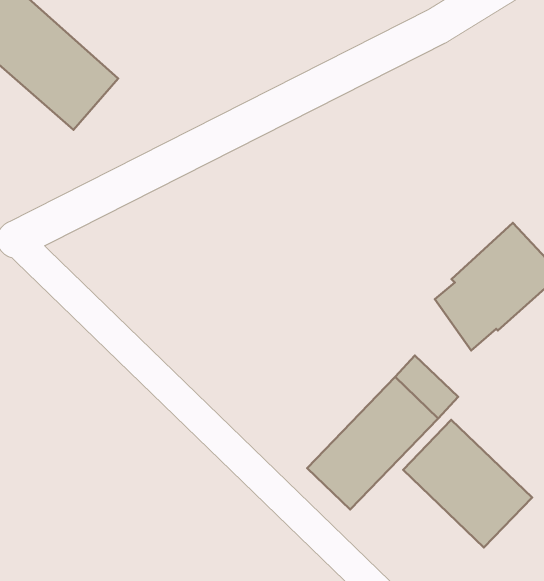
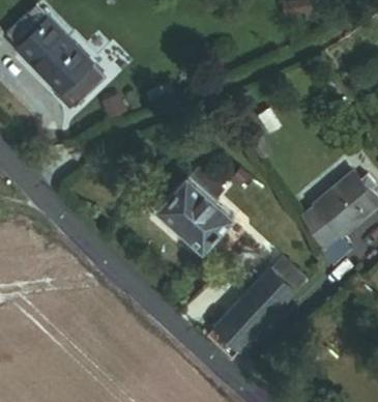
building: none -> [159,156,237,249]
building: [403,420,532,547] -> none

